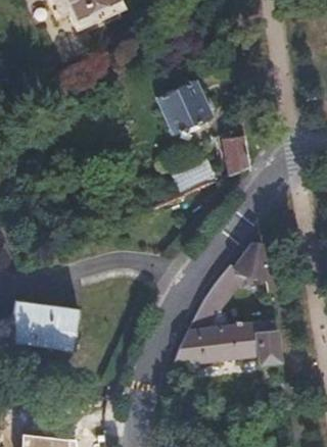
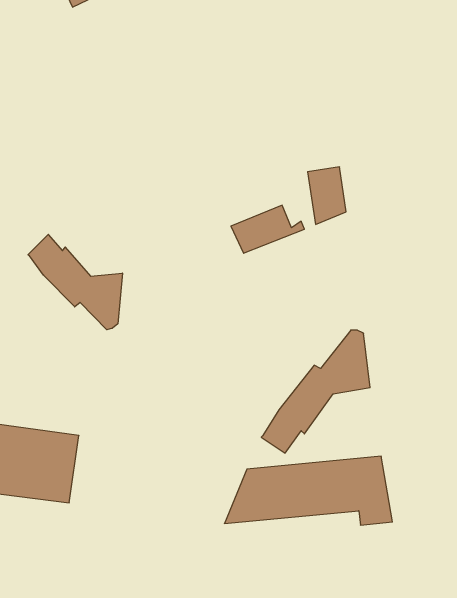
building: [158,79,214,135] -> none
building: none -> [28,234,122,330]

